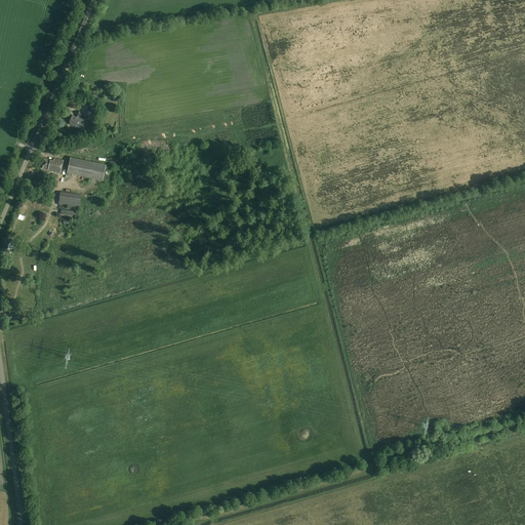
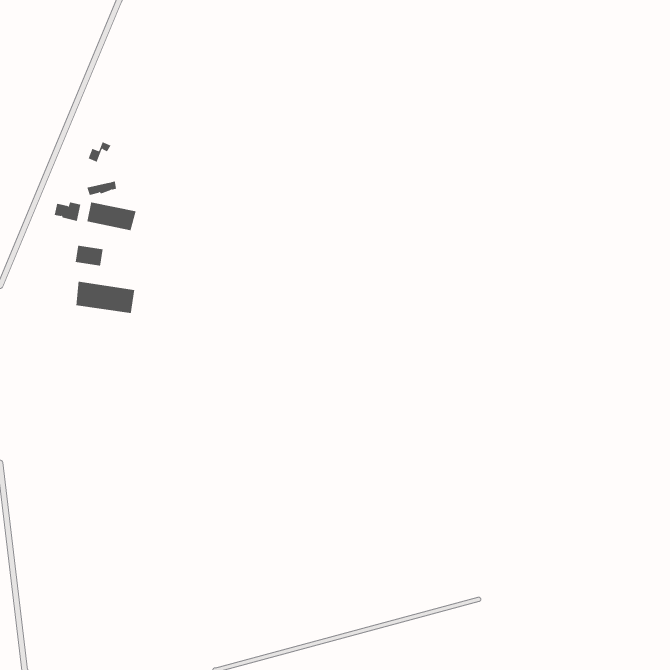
building: none -> [76,281,135,314]

